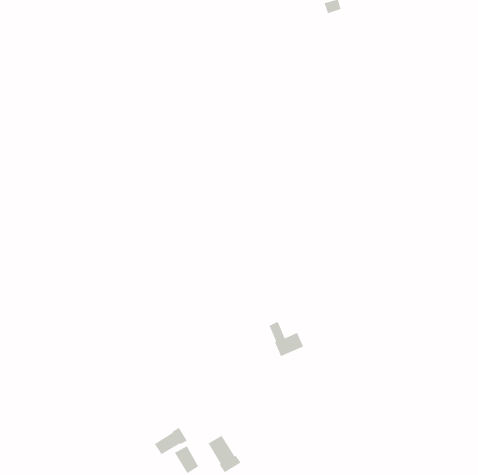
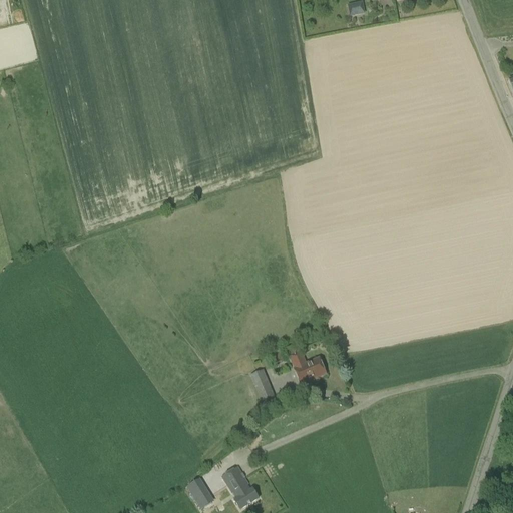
building: none -> [249,368,276,402]
building: [154,427,188,455] -> none

